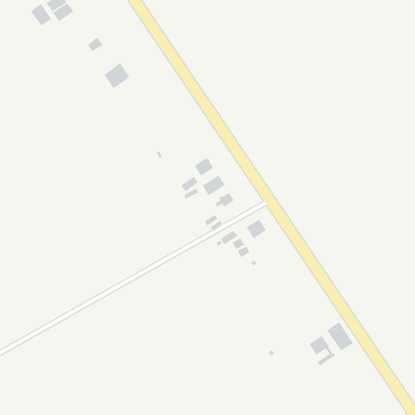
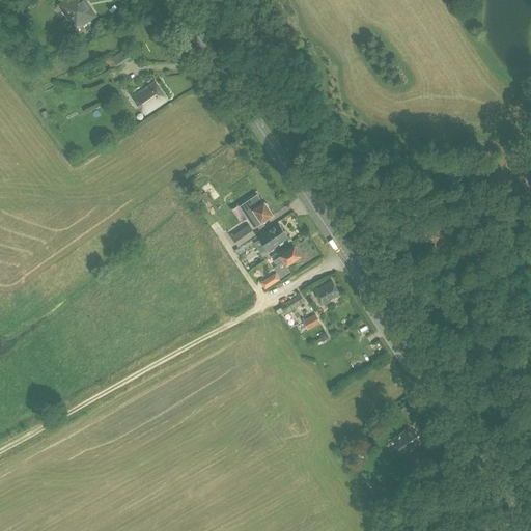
building: [30,3,52,26] -> none
building: [326,321,354,351] -> none

